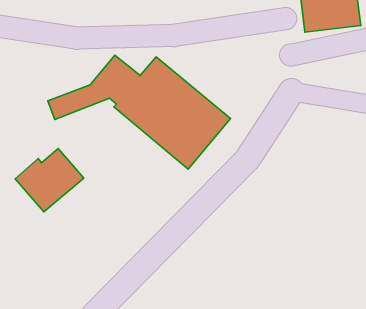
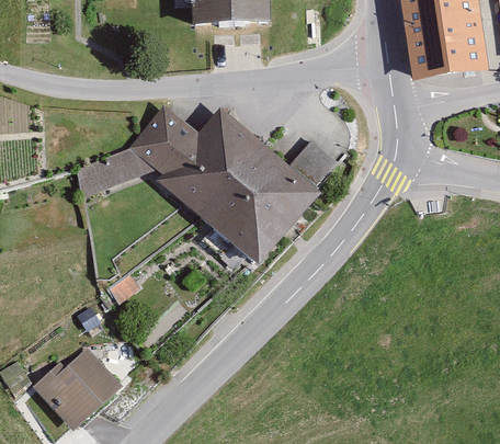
building: none -> [294,137,342,186]
building: [15,148,84,212] -> [24,350,113,432]

